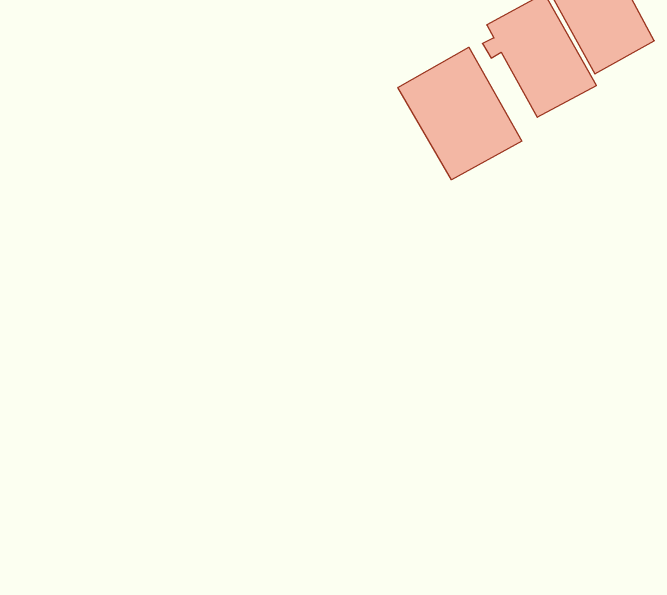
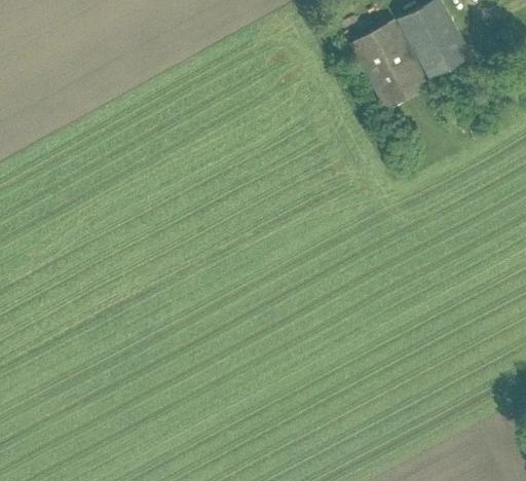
building: [398,47,522,180] -> none

